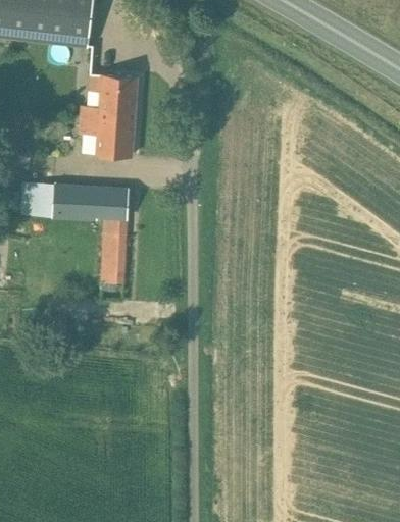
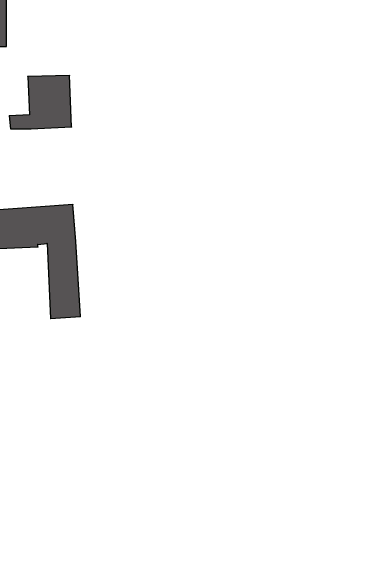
building: [79,116,134,155] -> none

